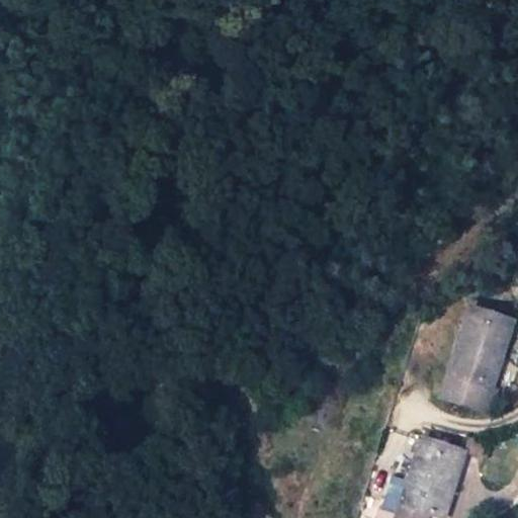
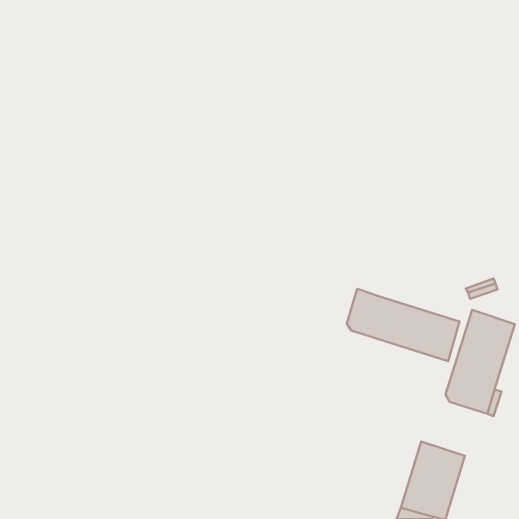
building: none -> [347,289,460,361]

